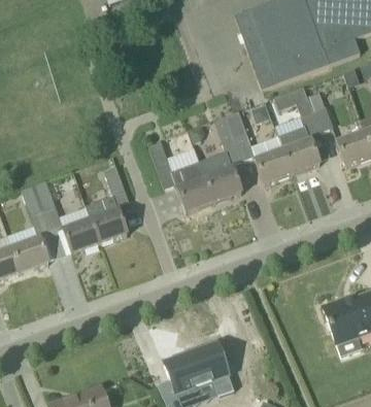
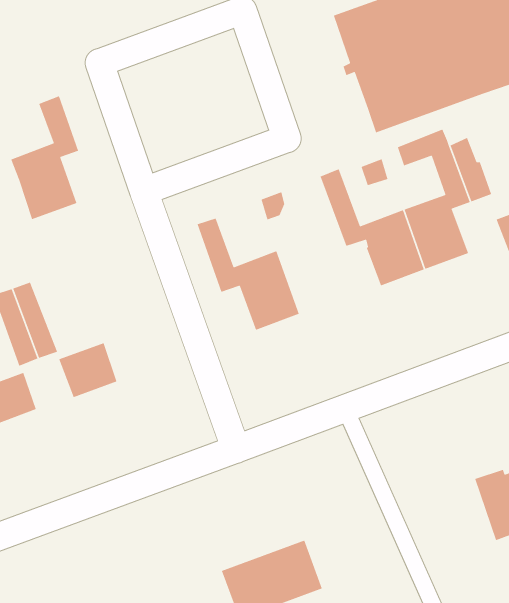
building: [199,114,242,201] -> none
building: [86,165,129,243] -> [10,95,79,220]

